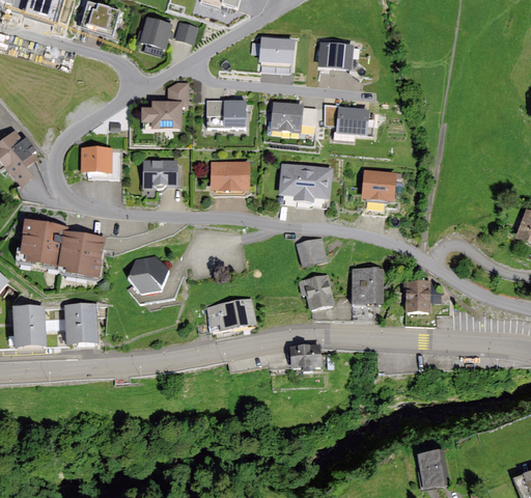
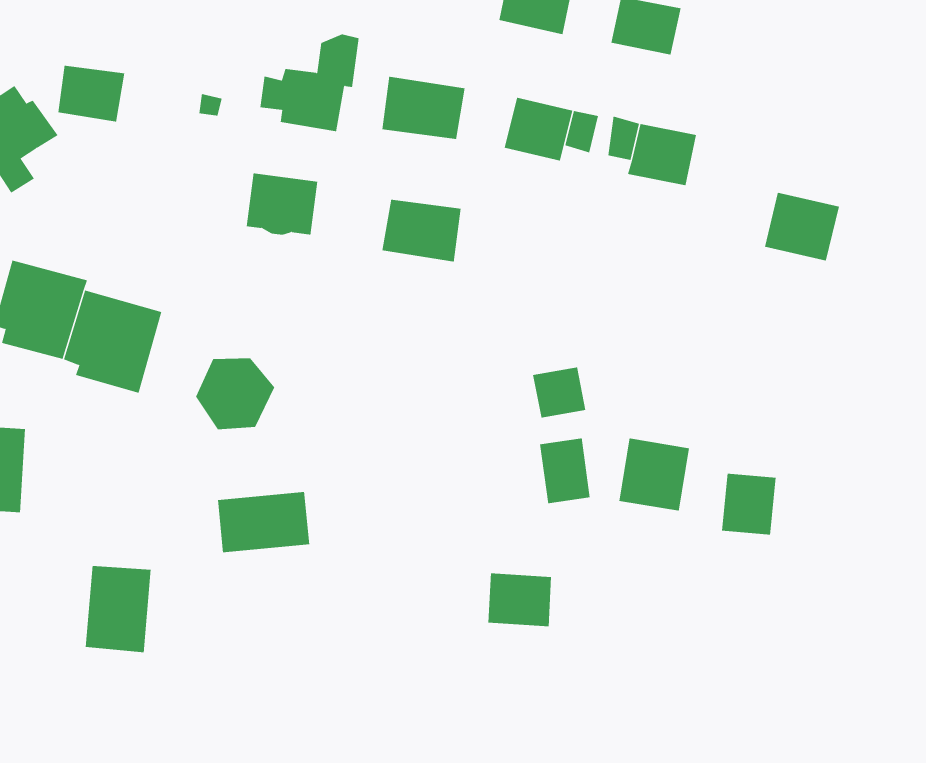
building: [81,147,113,173] -> [58,65,125,122]
building: [278,162,332,201] -> none
building: [361,170,397,202] -> [764,192,840,261]
building: [208,295,259,332] -> [217,491,310,553]
building: [64,302,97,347] -> [85,565,152,653]

